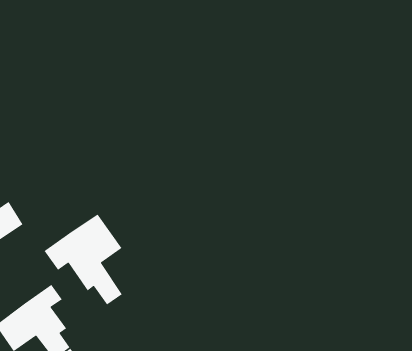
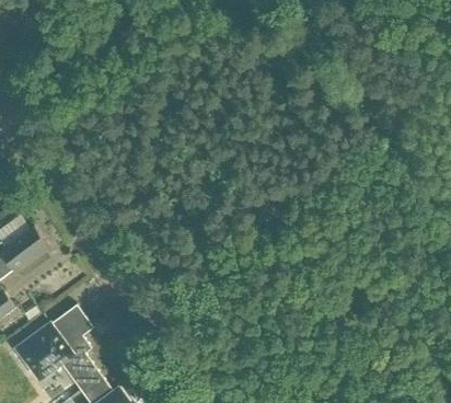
building: [44,213,123,305] -> none

